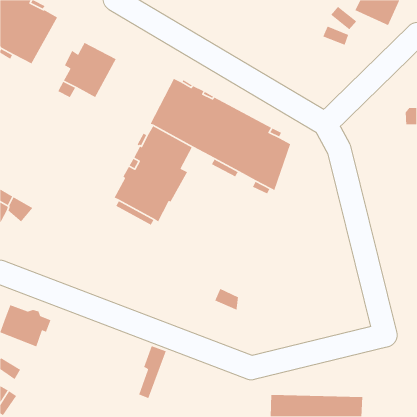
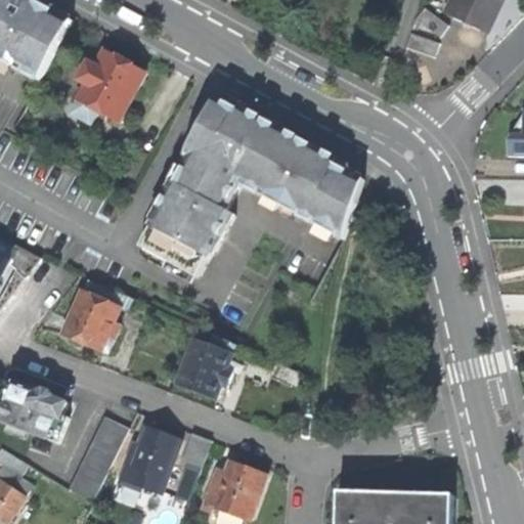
building: none -> [61,288,119,348]
building: none -> [176,333,235,395]
building: none -> [67,416,127,499]
building: none -> [118,425,180,492]
building: none -> [205,458,265,518]

